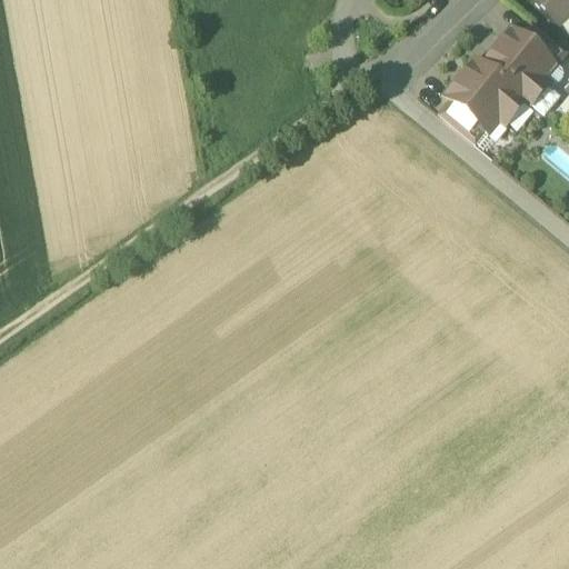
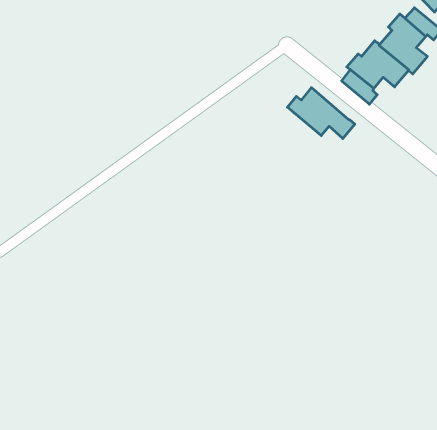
building: none -> [287,88,355,139]

